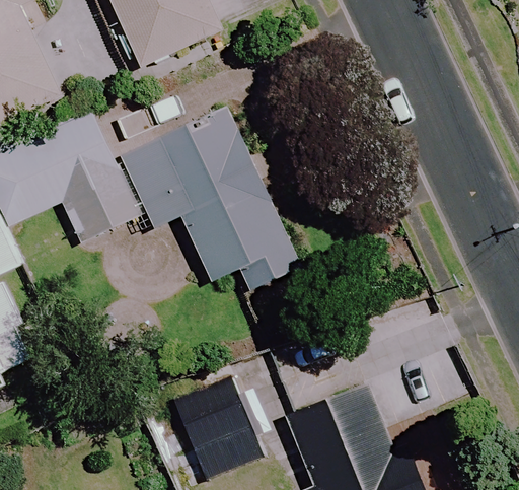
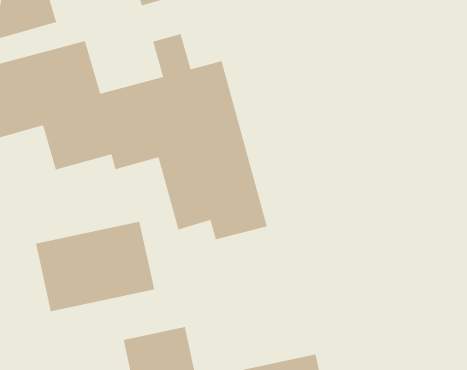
building: none -> [35,221,155,312]

